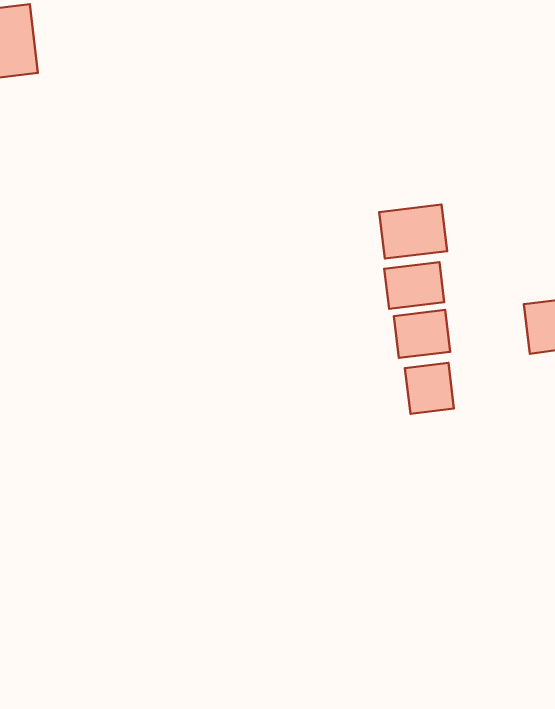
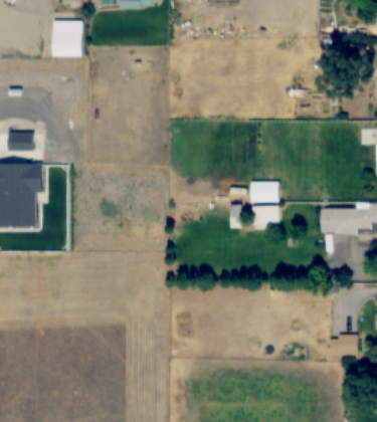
building: [379,205,447,259] -> none
building: [405,363,454,414] -> none

